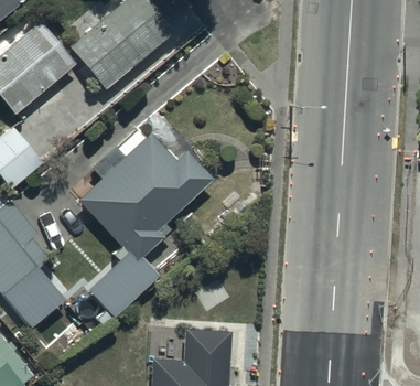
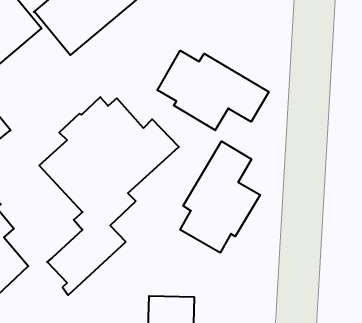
building: none -> [157,51,269,130]
building: none -> [180,141,260,253]

